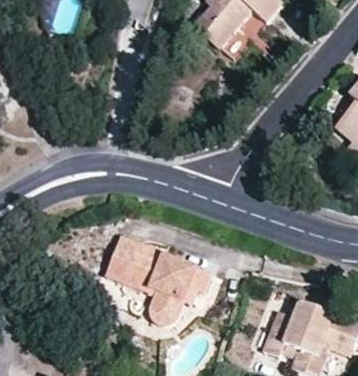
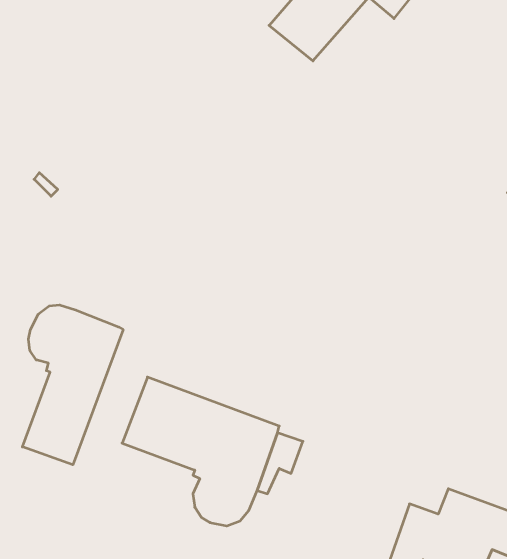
building: none -> [22,305,123,465]

